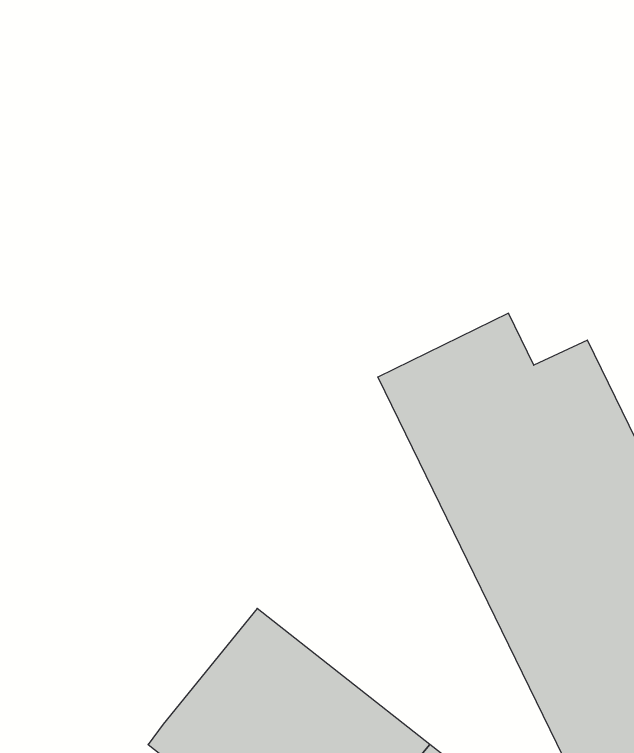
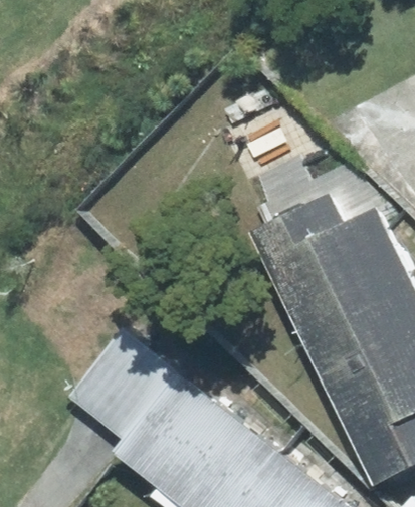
building: none -> [68,328,177,440]

